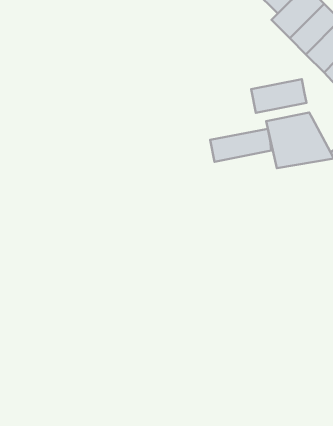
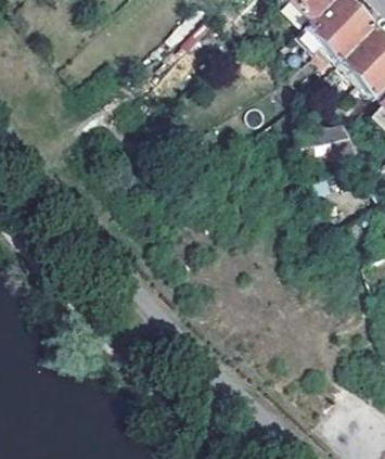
building: [251,79,306,113] -> none
building: [210,129,271,162] -> none

